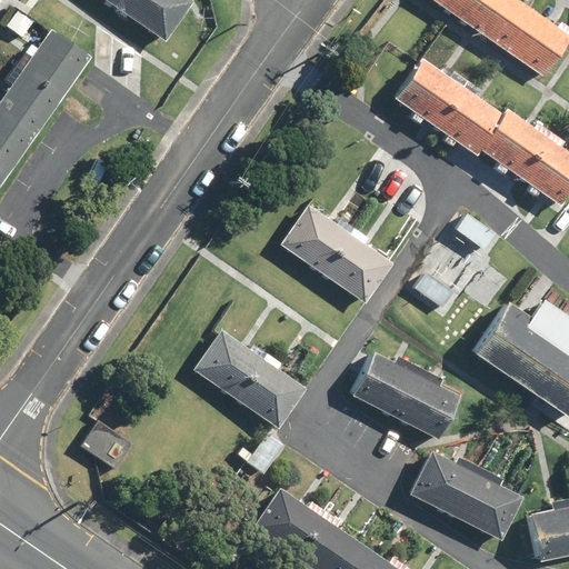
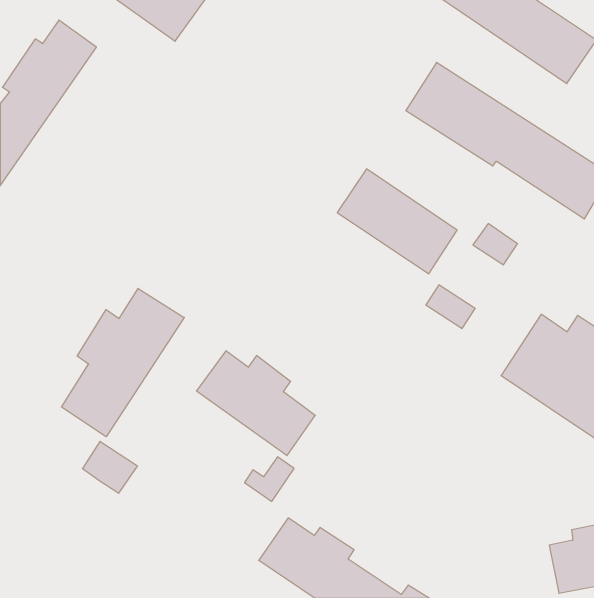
building: [288,202,401,301] -> [337,169,457,274]
building: none -> [61,288,184,437]
building: [349,352,460,440] -> none
building: [407,451,521,541] -> none

